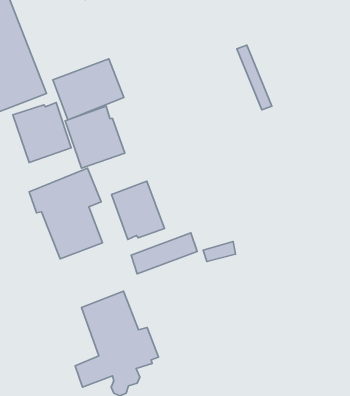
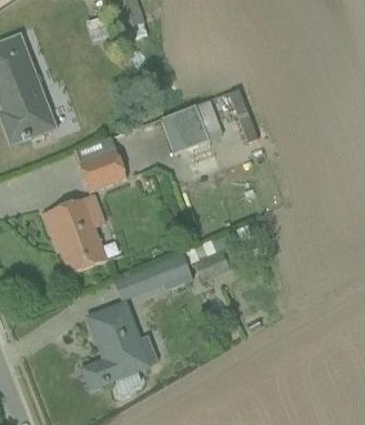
building: [53,59,124,120] -> [159,99,222,153]
building: [13,103,71,162] -> none
building: [111,181,164,240] -> none

